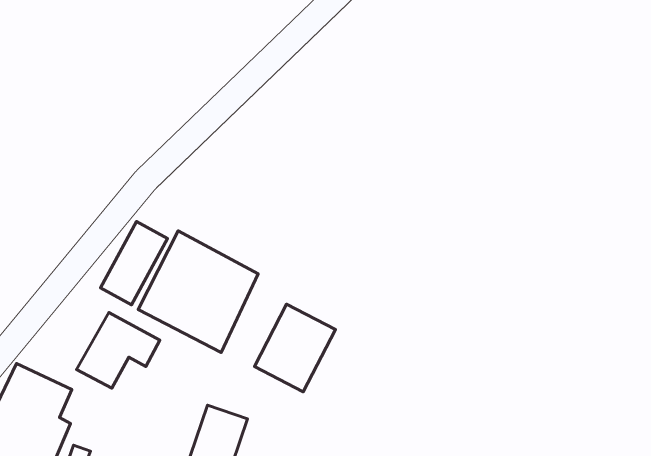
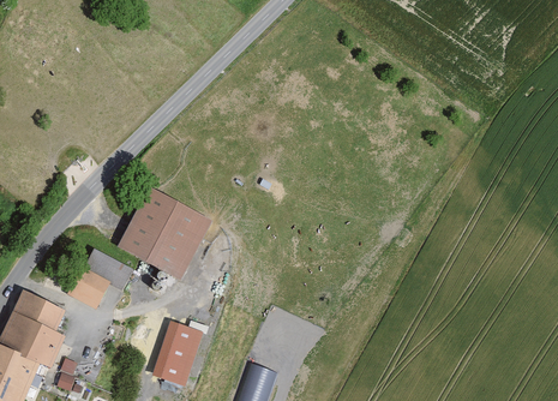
building: [100,222,168,305] -> none
building: [254,304,336,392] -> none

